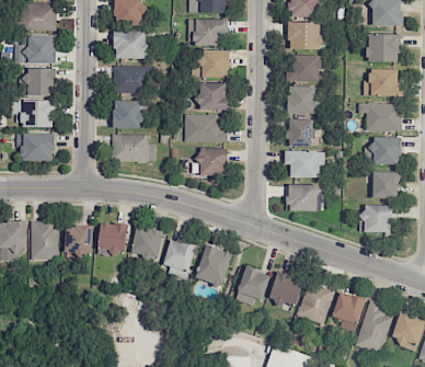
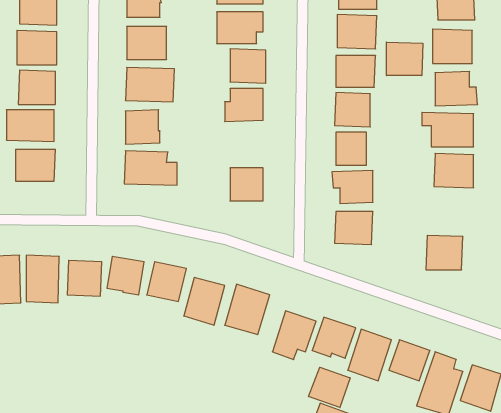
building: none -> [386,42,423,76]
building: [184,115,226,141] -> none
building: [372,171,400,198] -> none
building: none -> [309,367,350,408]

